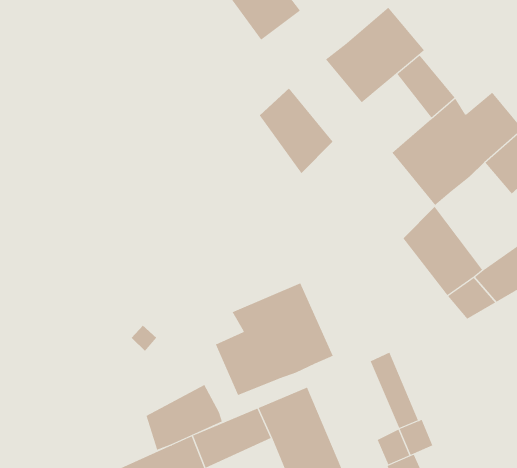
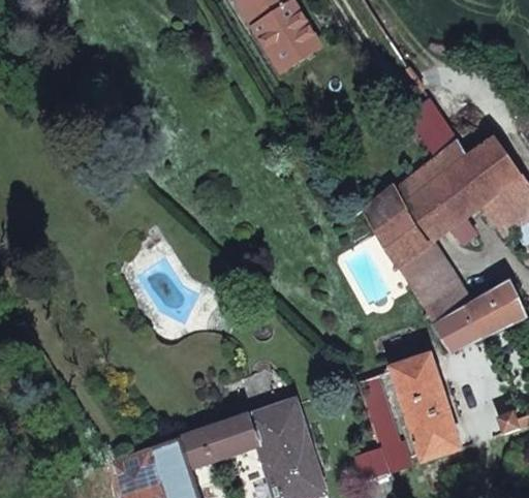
building: [325,7,425,103] -> none
building: [259,87,333,174] -> [364,185,432,268]
building: [215,282,334,396] -> none
building: none -> [392,354,462,461]
building: [146,384,223,451] -> none

